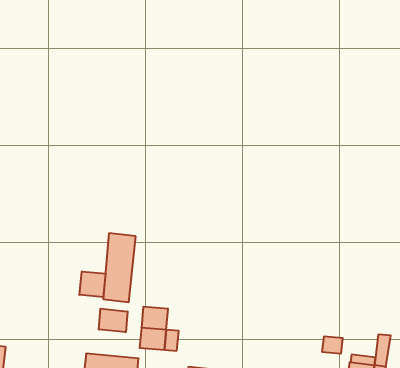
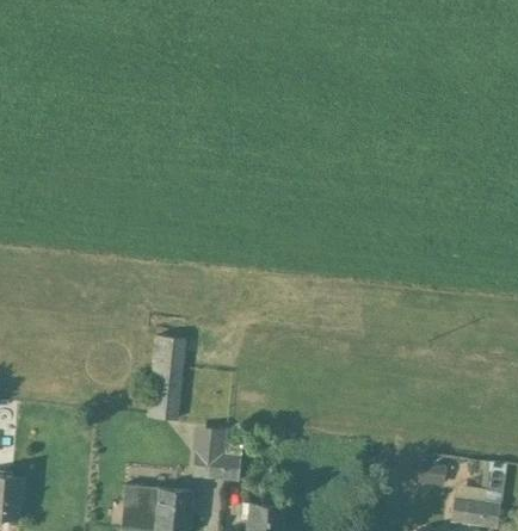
building: [79,271,105,297] -> none
building: [99,309,128,332] -> none

